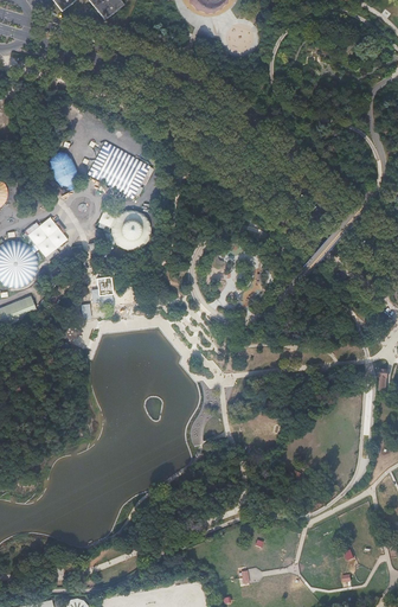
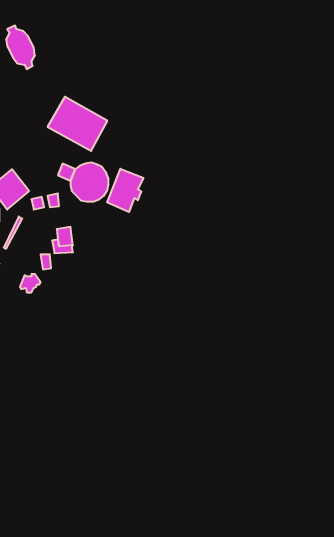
building: [47,146,77,191] -> [6,26,35,69]
building: none -> [107,169,143,212]

